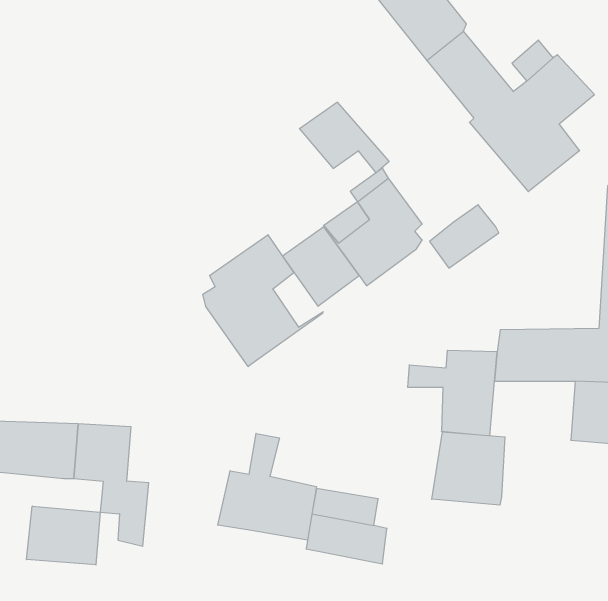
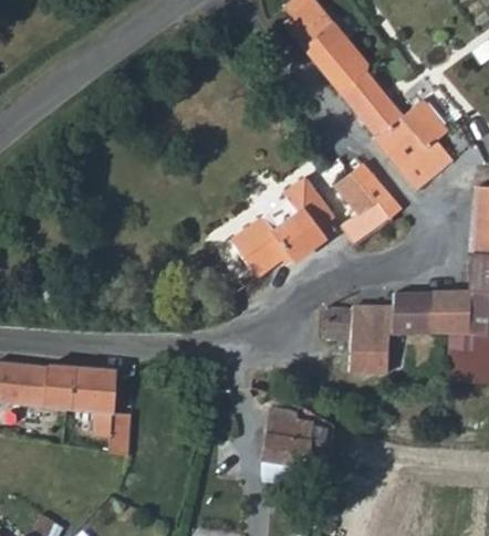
building: [299,102,389,173] -> [334,165,402,218]
building: [203,235,323,367] -> none
building: [432,432,505,505] -> none
building: [218,433,316,540] -> none
building: [27,506,100,565] -> none

